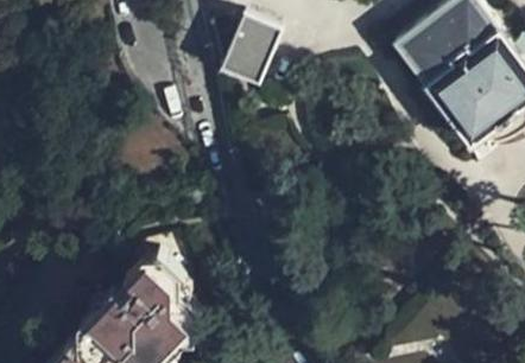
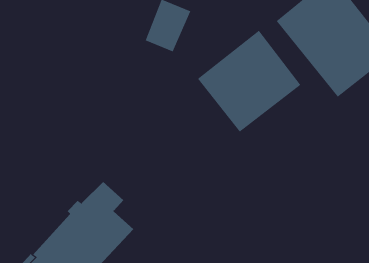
building: none -> [197,30,301,132]

